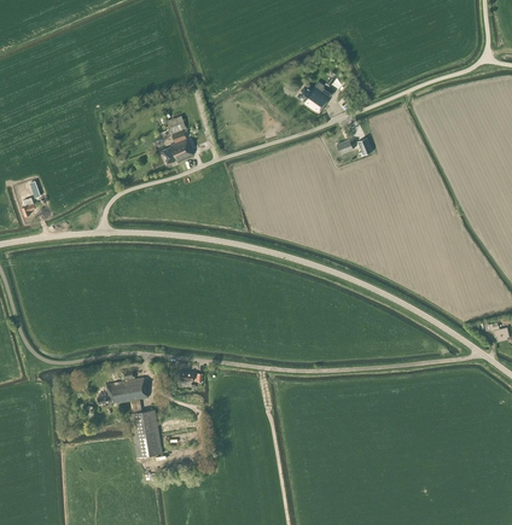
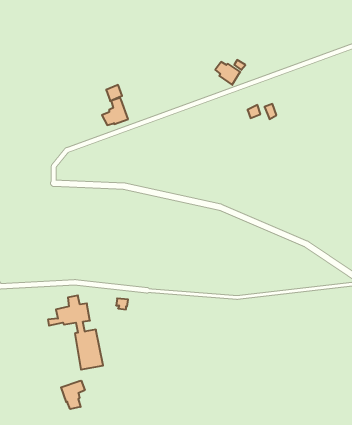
building: none -> [61,381,85,409]

